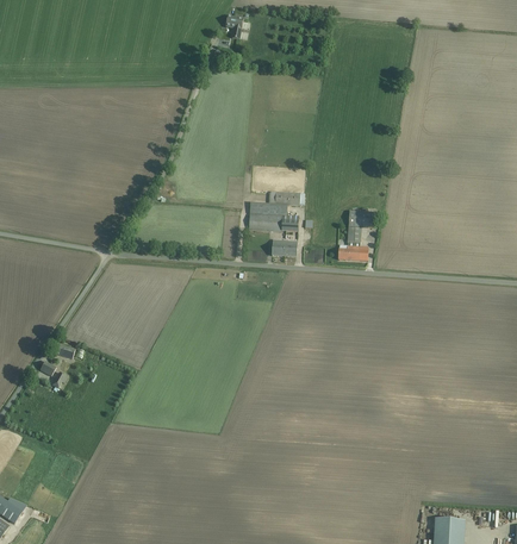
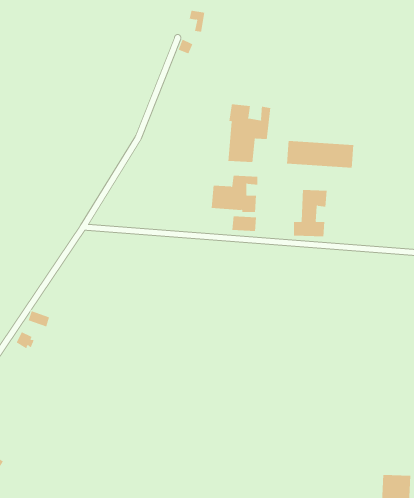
building: none -> [228,103,271,163]
building: none -> [286,140,354,168]

